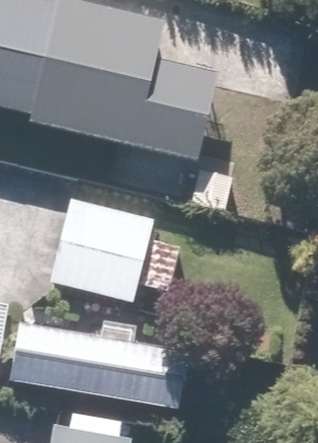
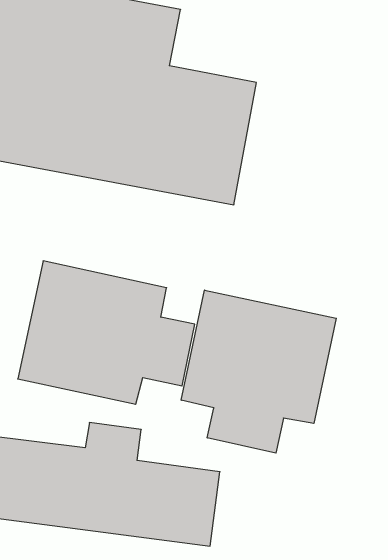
building: none -> [181,290,336,453]

